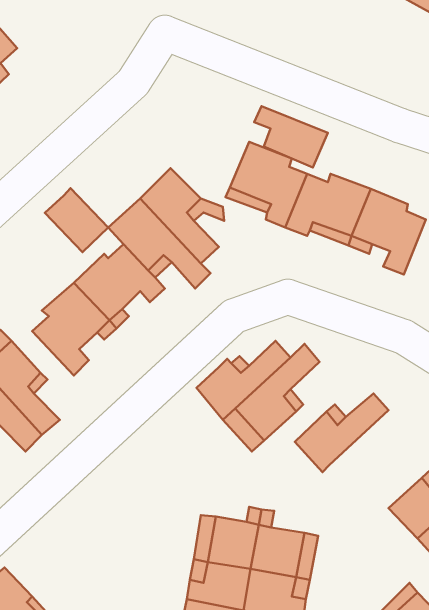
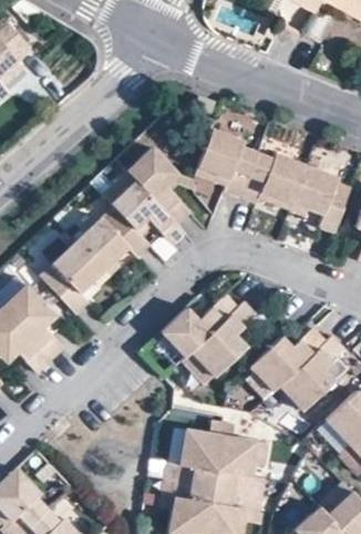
building: [254,106,328,168] -> none
building: [45,188,108,252] -> none
building: none -> [277,337,347,412]

